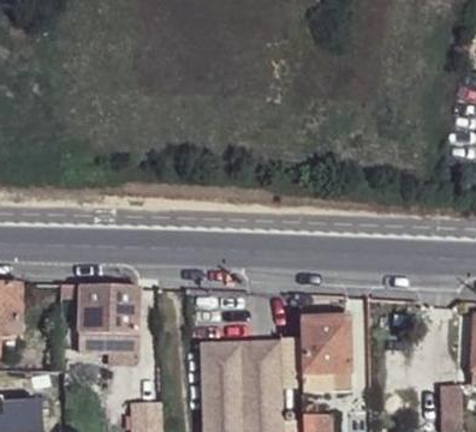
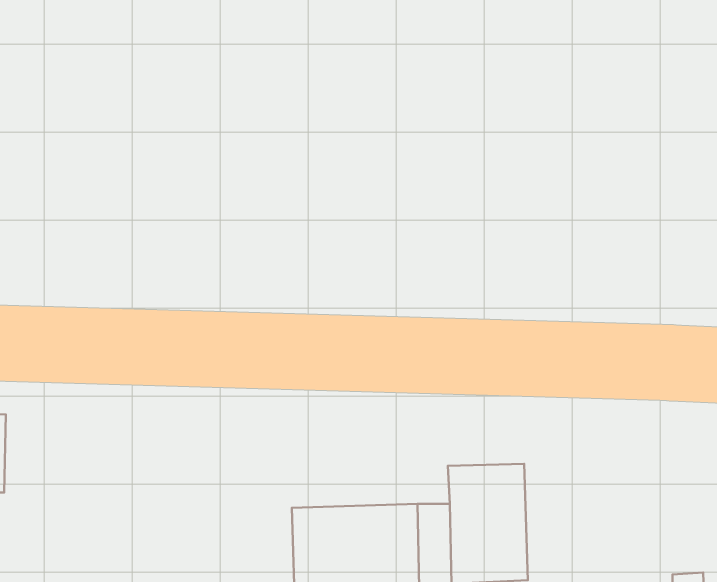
building: [60,284,138,354] -> none

